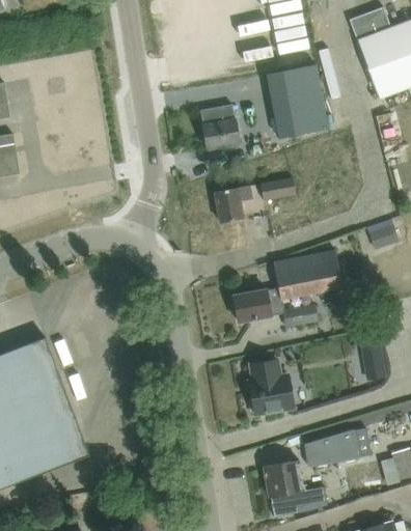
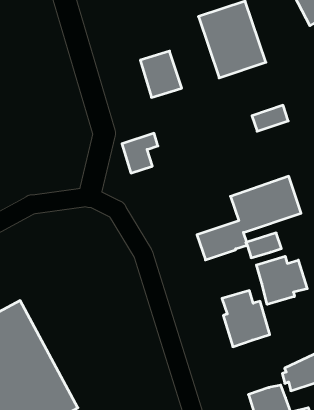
building: [259,177,296,200] -> [252,105,288,131]
building: [215,186,251,223] -> [122,133,158,173]
building: none -> [256,256,307,304]

